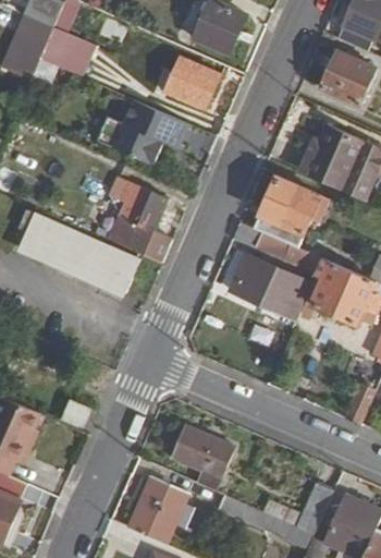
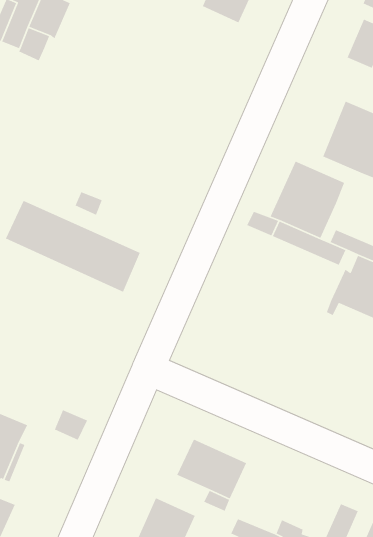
building: [164,56,219,108] -> none
building: [98,100,188,165] -> none
building: [108,184,172,262] -> none
building: [231,254,310,312] -> none

